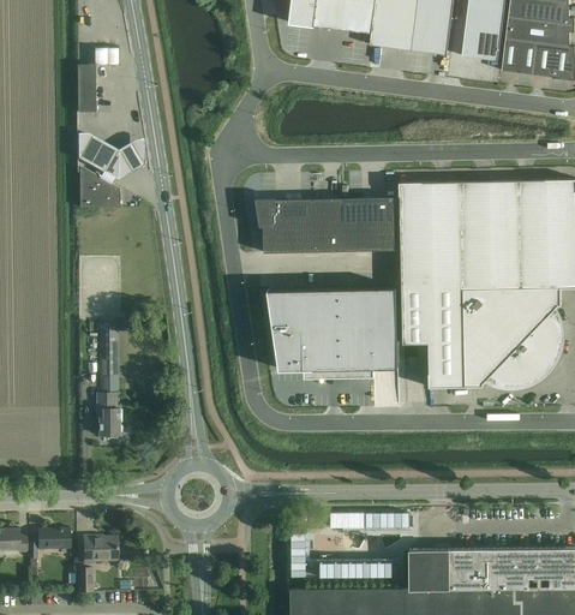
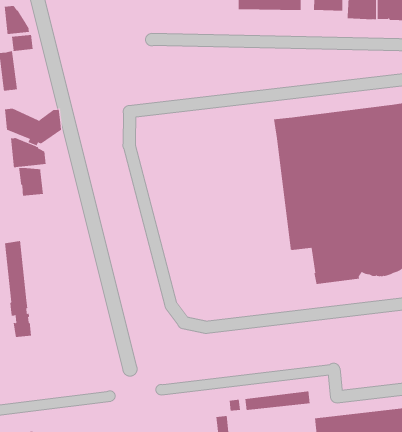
building: none -> [4,5,30,35]
building: [254,197,394,253] -> none
building: none -> [18,167,43,197]
building: [266,288,396,380] -> none
building: [96,320,119,436] -> [4,241,32,338]

